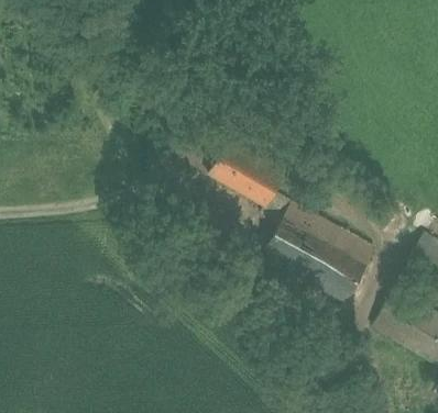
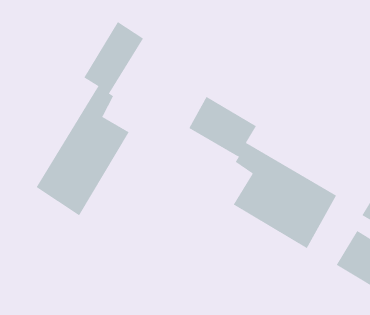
building: none -> [36,21,144,216]

